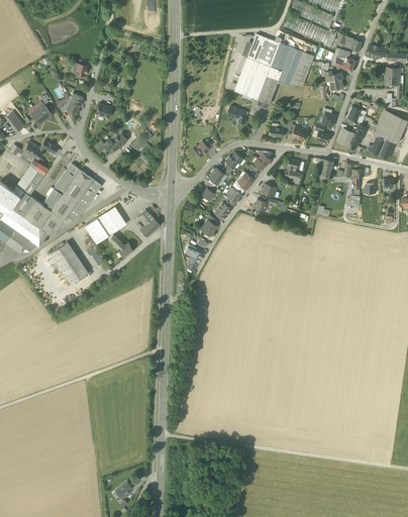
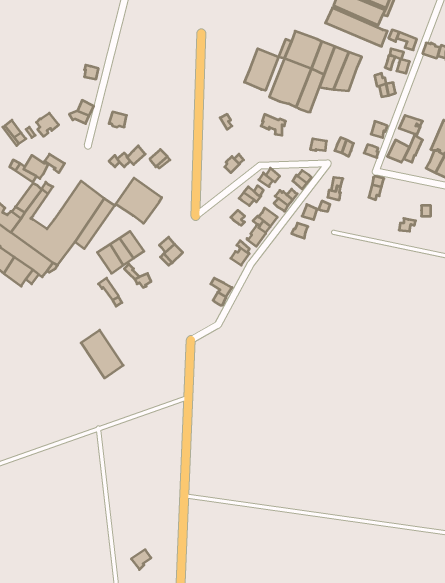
building: none -> [244,49,279,90]
building: none -> [116,178,162,223]
building: [50,241,87,283] -> [81,330,123,378]

